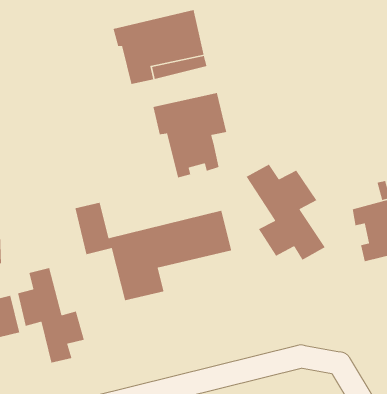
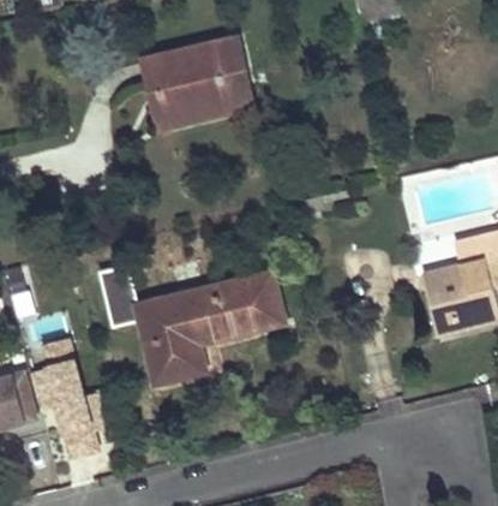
building: [153,92,227,178] -> none
building: [245,163,326,261] -> none

